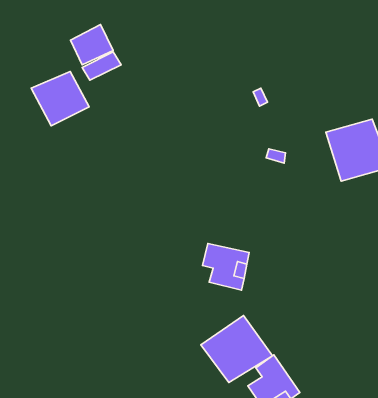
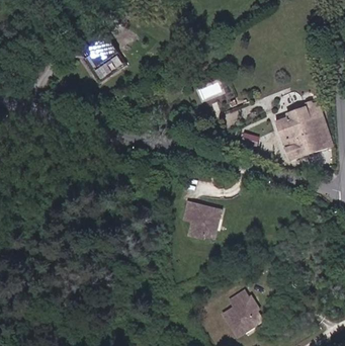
building: [31,71,89,126] -> none
building: [201,315,273,383] -> none

